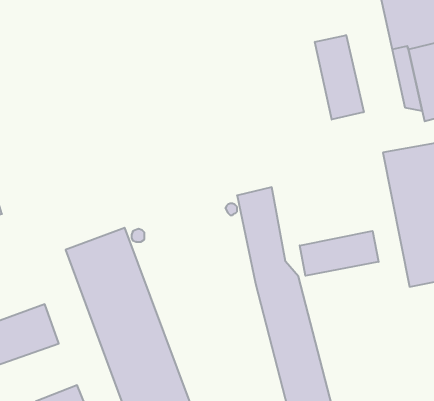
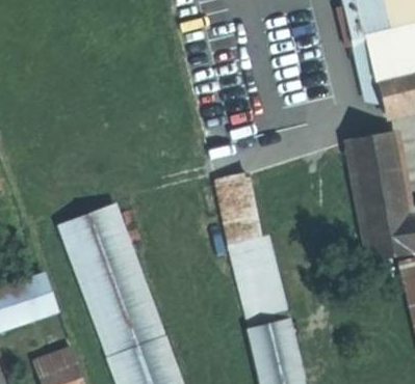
building: [315,35,364,120] -> none
building: [300,231,379,276] -> none

